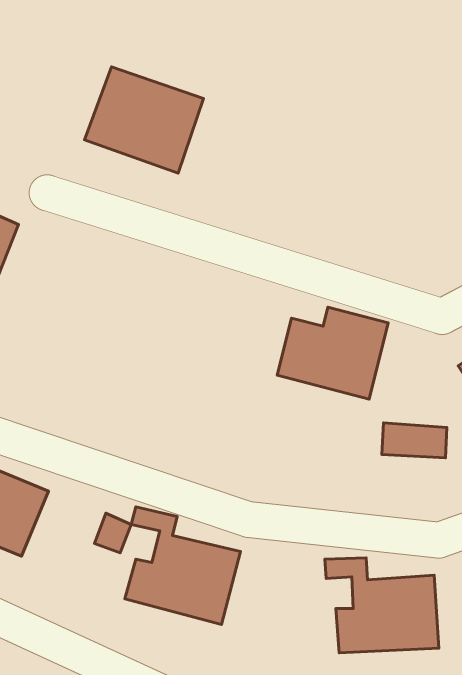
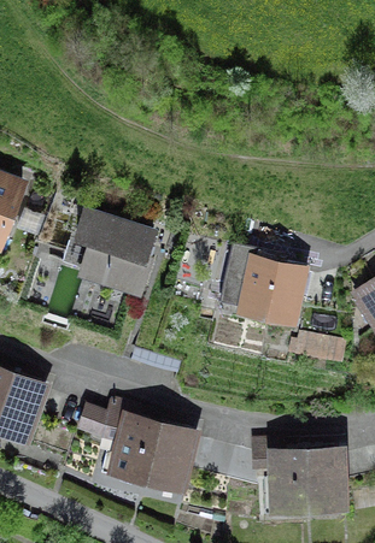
building: [85,67,204,173] -> [69,209,159,290]

